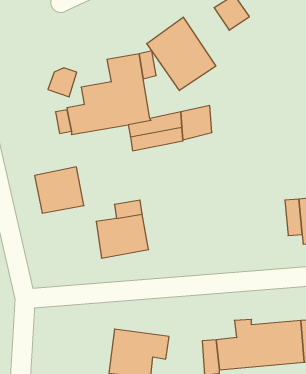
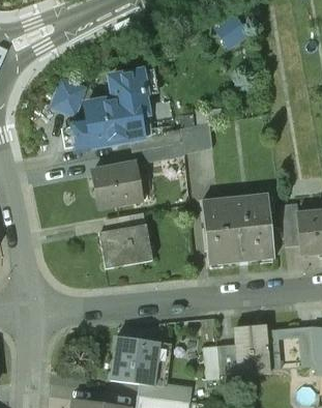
building: [147,17,216,91] -> none
building: [35,167,84,213] -> [93,162,141,206]
building: none -> [201,193,274,263]

